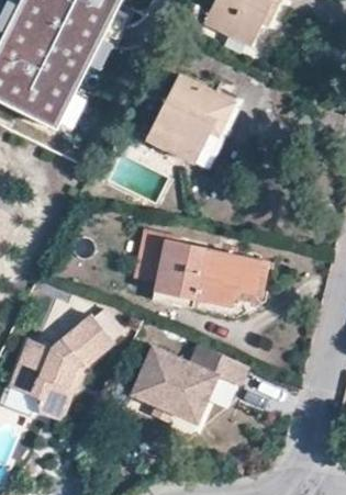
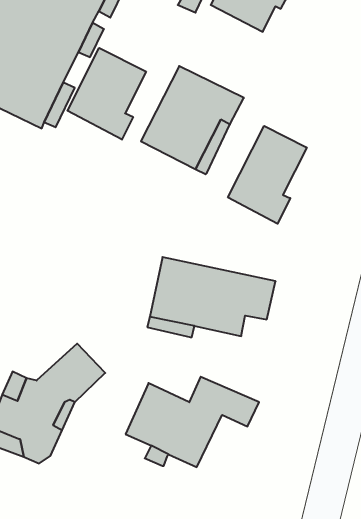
building: none -> [67,48,146,140]
building: none -> [228,126,307,224]

